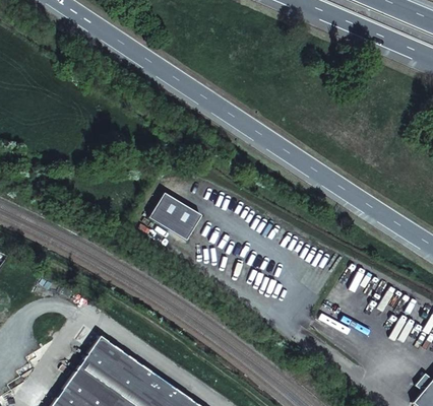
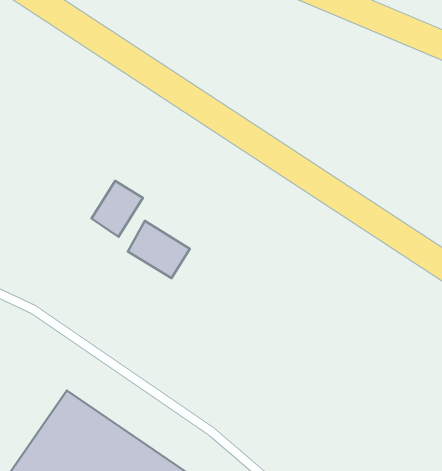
building: none -> [91,181,143,237]

